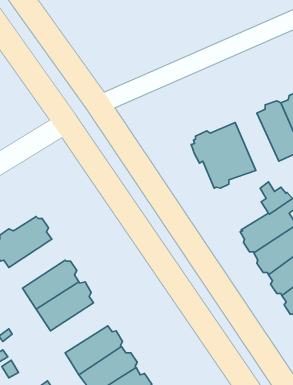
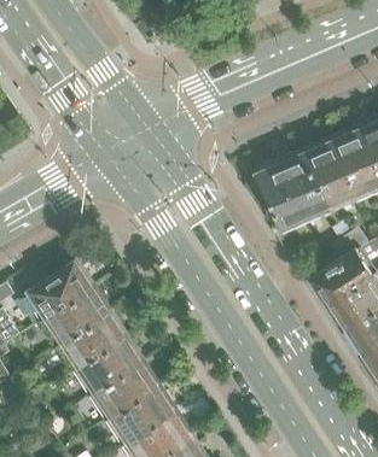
building: none -> [306,139,356,209]
building: none -> [43,288,109,345]
building: none -> [92,362,159,420]

